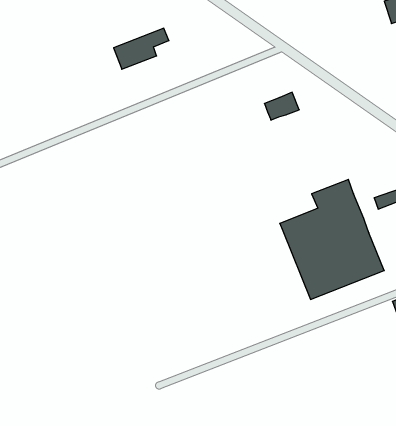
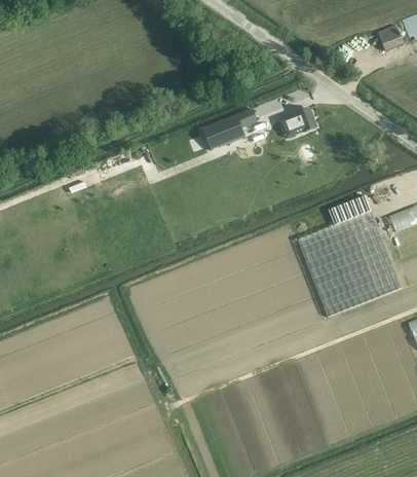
building: none -> [377,25,403,51]
building: [114,28,169,69] -> [202,109,258,150]

